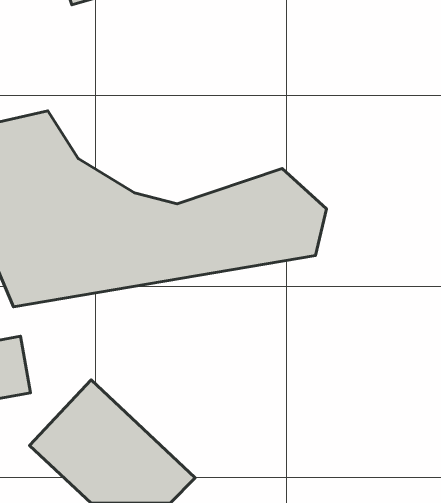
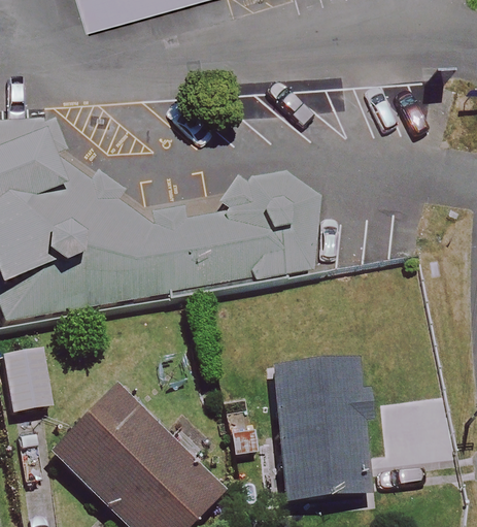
building: none -> [272,356,367,500]

